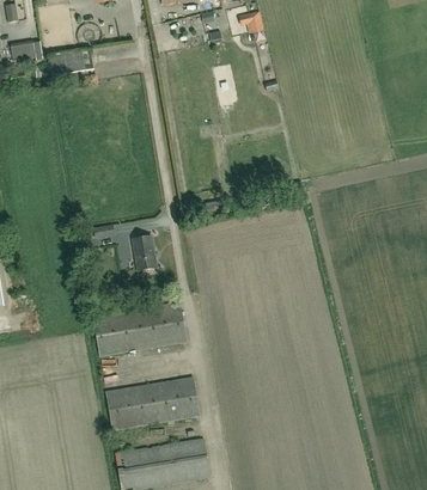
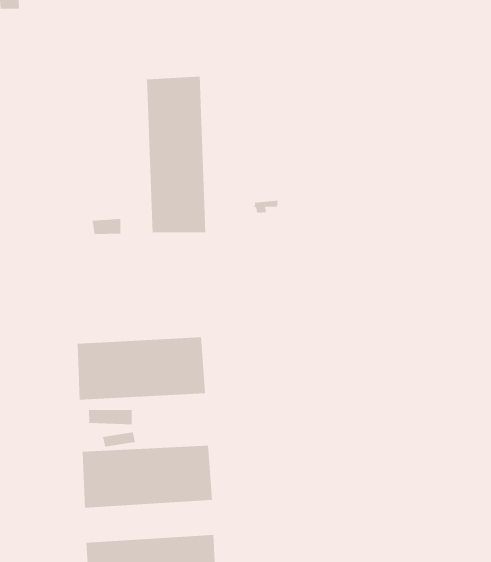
building: none -> [147,76,206,233]
building: [132,234,157,270] -> none

